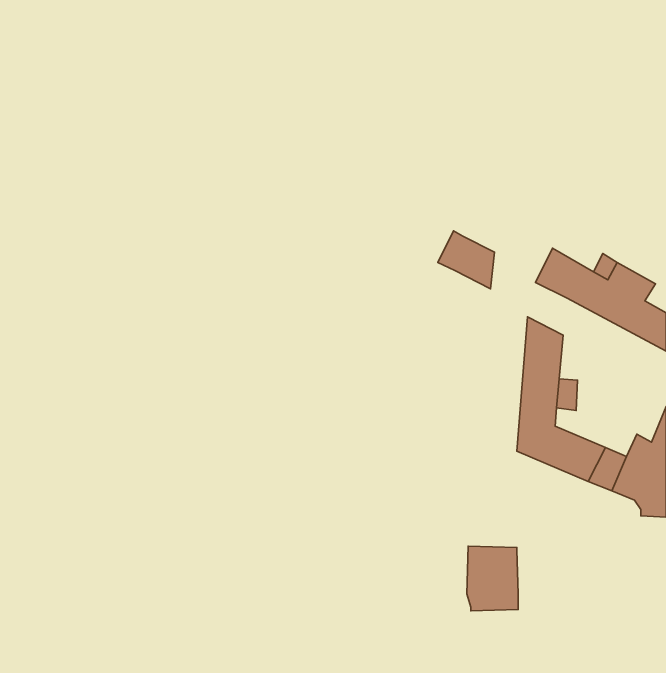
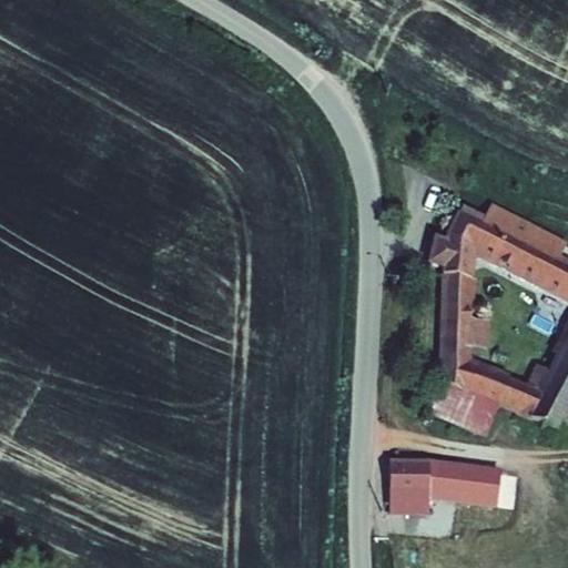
building: [438,231,494,289] -> [429,233,477,282]
building: none -> [427,379,495,424]
building: none -> [435,463,511,501]

